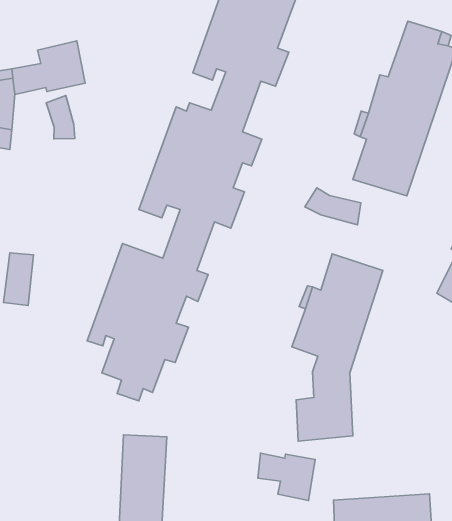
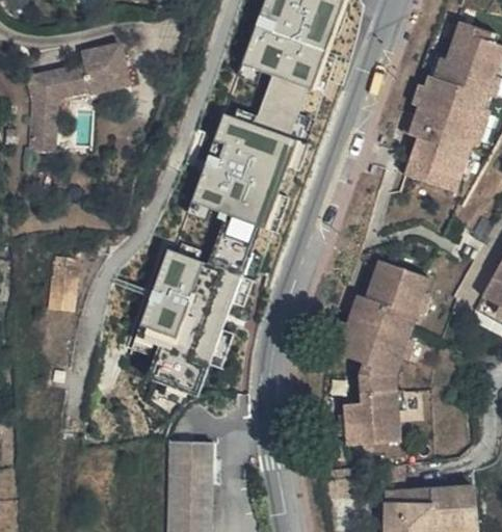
building: [46,95,75,139] -> none
building: [305,188,361,225] -> none
building: [258,453,315,500] -> none

